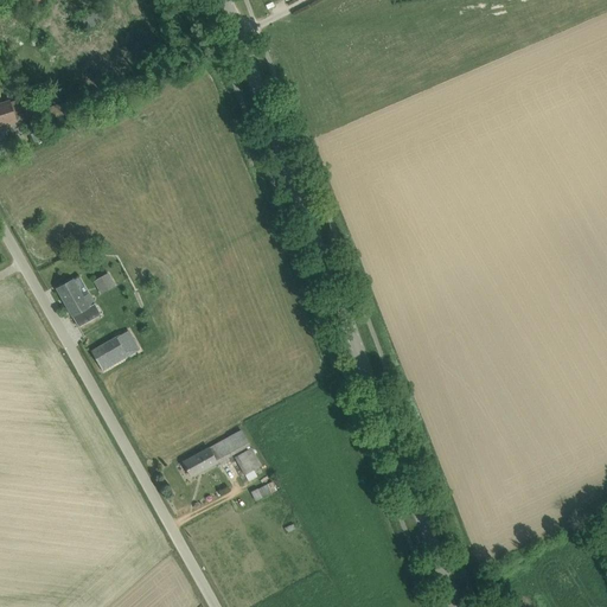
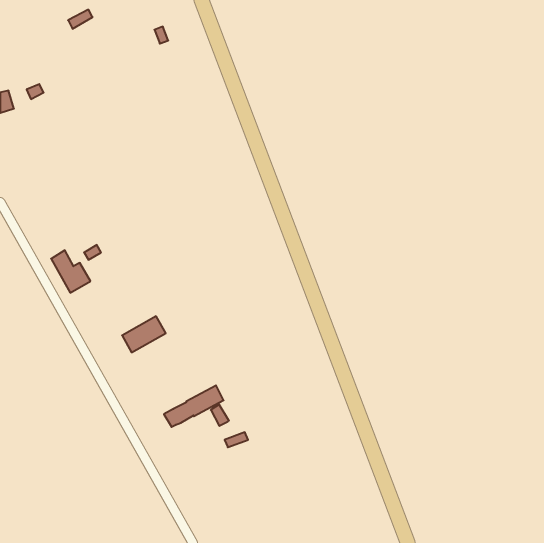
building: [91,330,140,370] -> [122,316,166,352]

